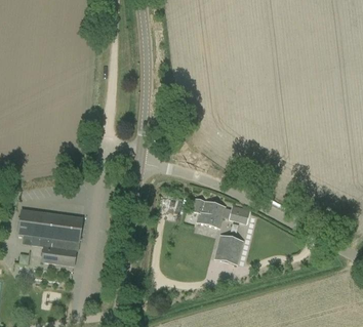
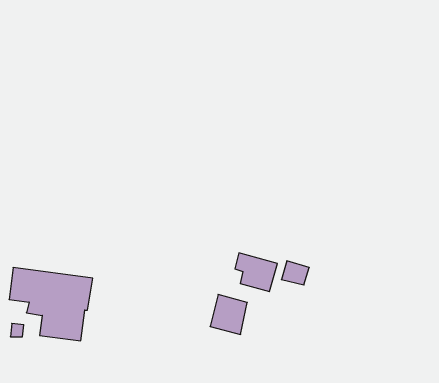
building: [214,234,243,264] -> [210,294,247,334]

